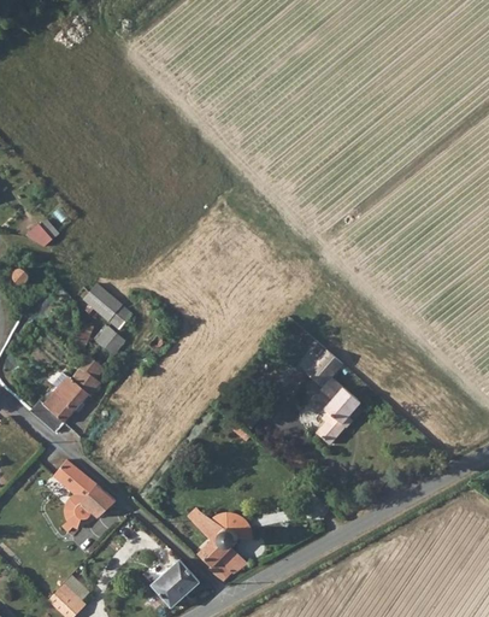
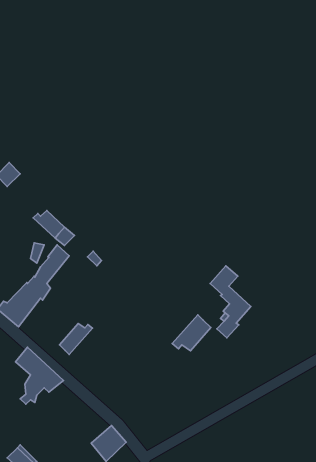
building: none -> [172,315,211,351]
building: none -> [59,324,93,355]
building: [196,512,248,583] -> none

